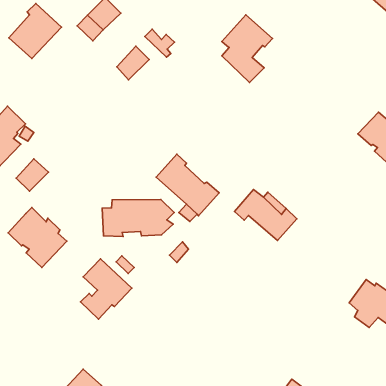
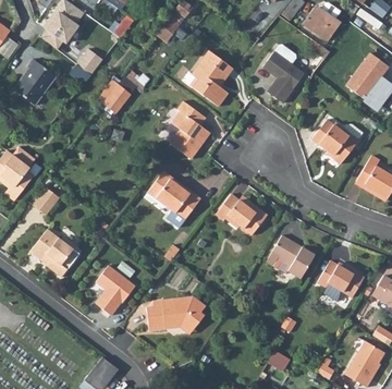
building: none -> [262,45,303,104]
building: none -> [168,102,208,160]
building: [102,199,174,237] -> [145,295,205,330]
building: none -> [270,236,315,278]

